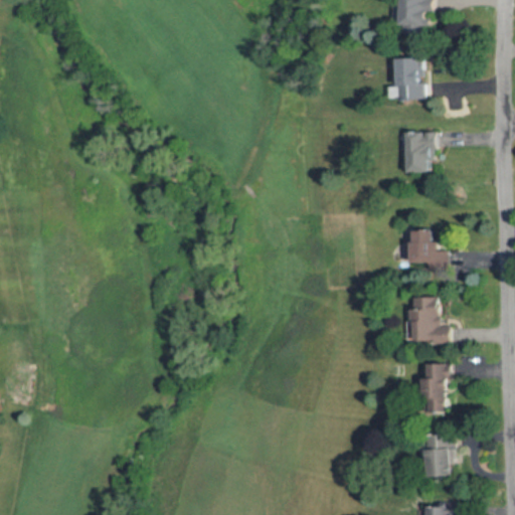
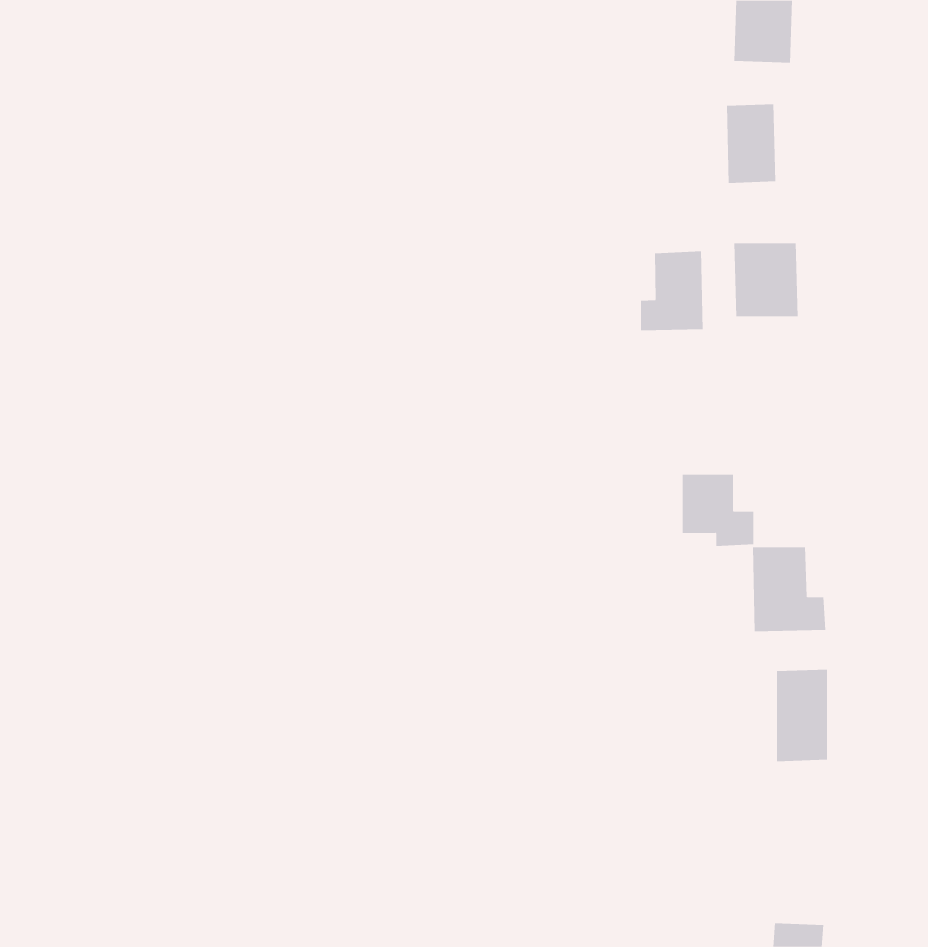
building: none -> [640,251,703,331]
building: [405,230,445,270] -> [682,474,754,546]
building: [417,434,451,477] -> none

